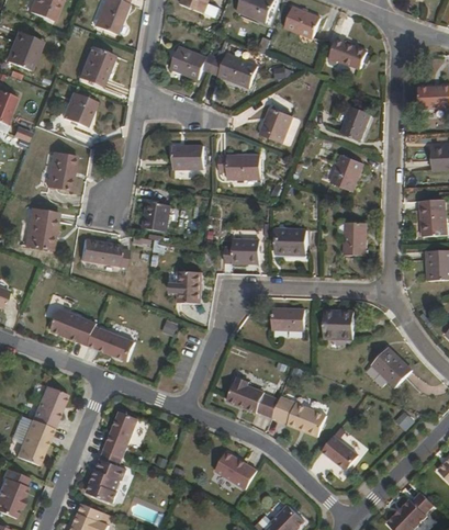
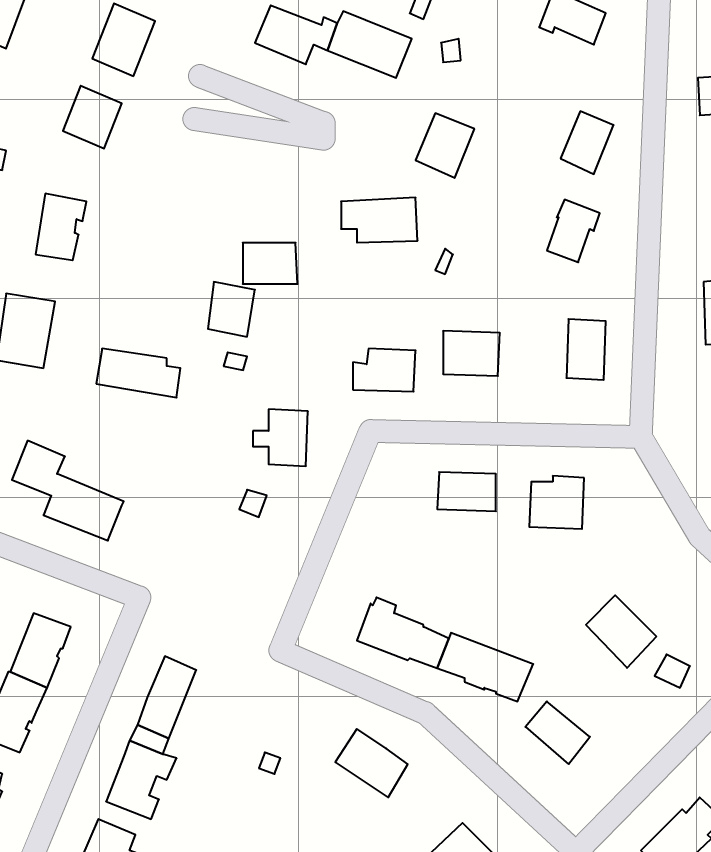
building: [172,145,203,168] -> [243,243,298,284]
building: [87,326,134,362] -> none
building: [371,347,411,387] -> [586,595,656,668]

